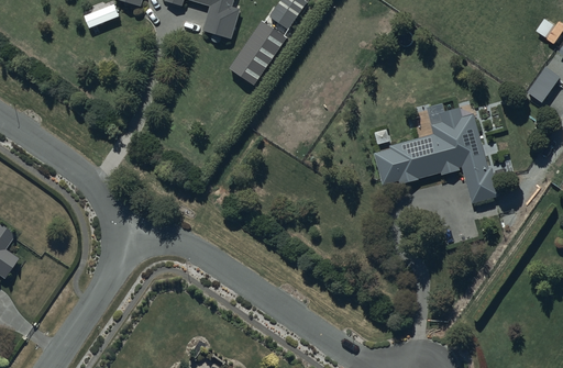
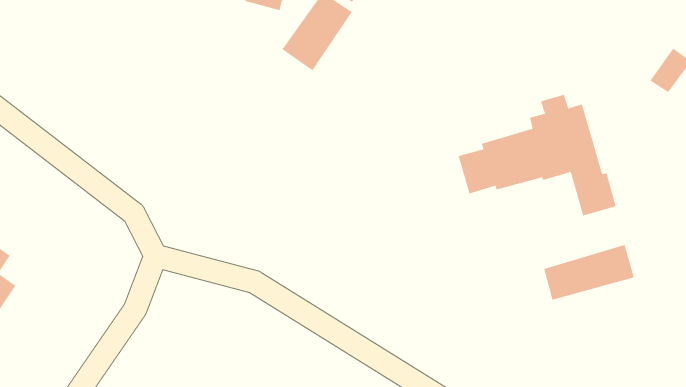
building: none -> [544,244,635,300]

